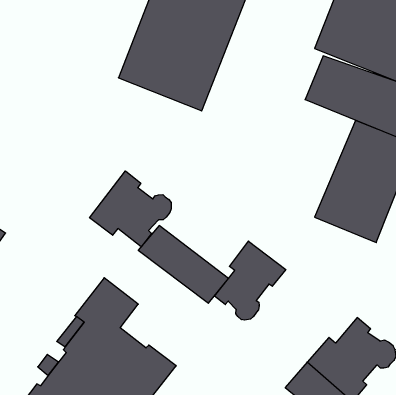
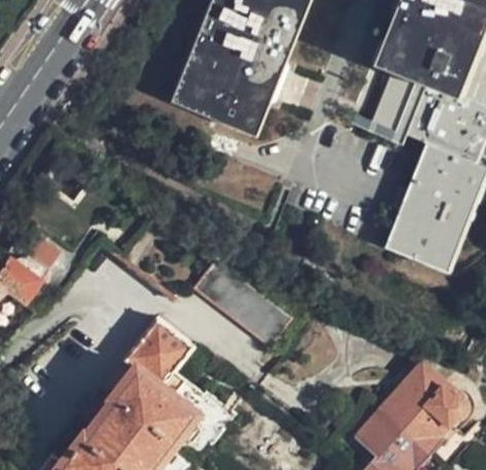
building: [90,171,171,247] -> none
building: [215,241,286,320] -> none

